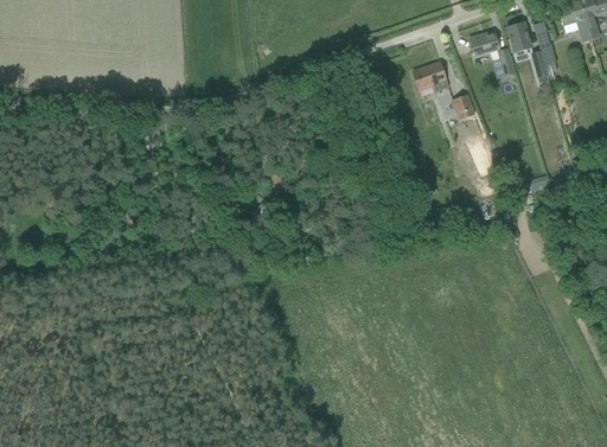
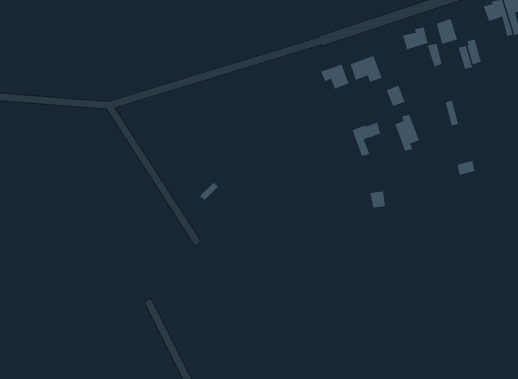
building: none -> [321,64,349,90]
building: none -> [352,122,381,157]

